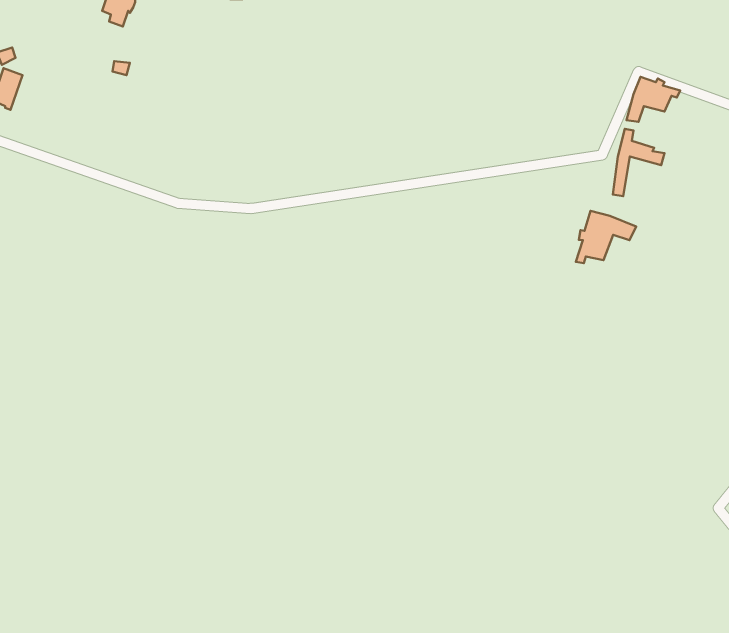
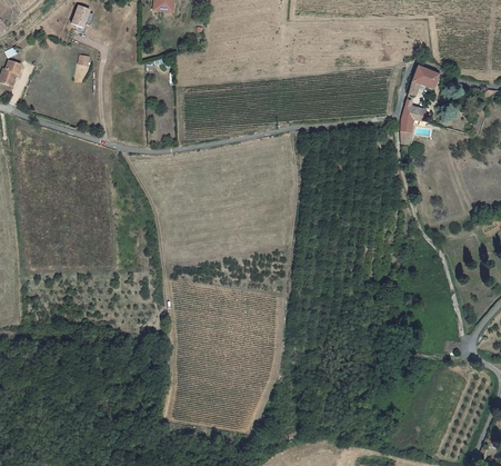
building: [576,211,636,263] -> none

